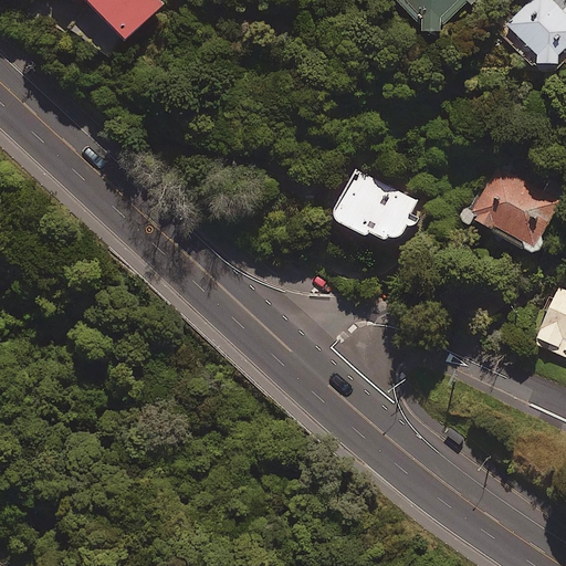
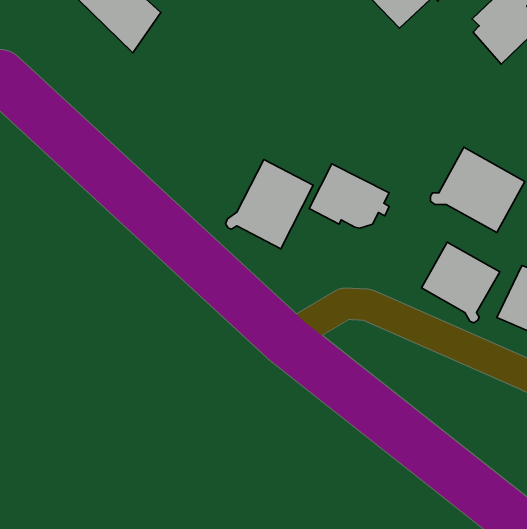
building: none -> [226,160,313,249]
building: none -> [421,242,500,323]

